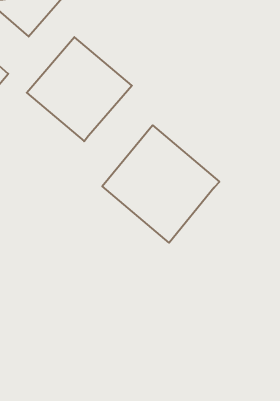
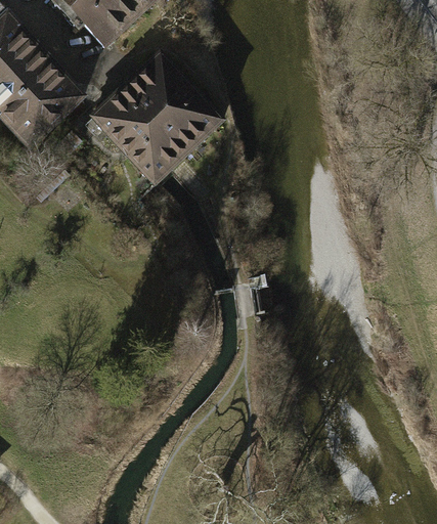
building: [102,125,219,243] -> none

